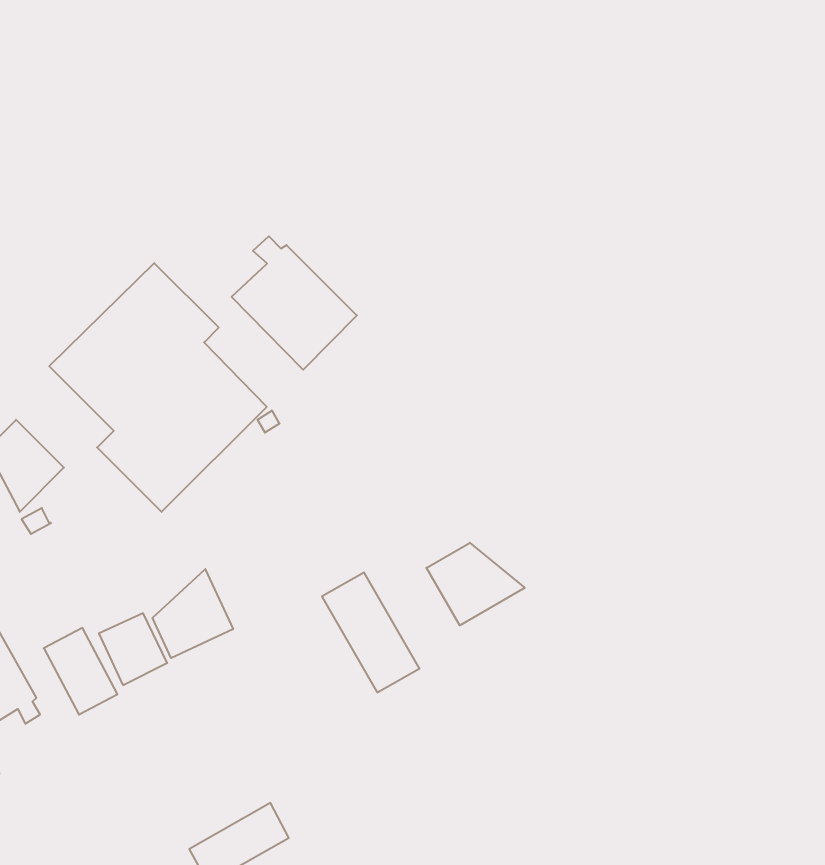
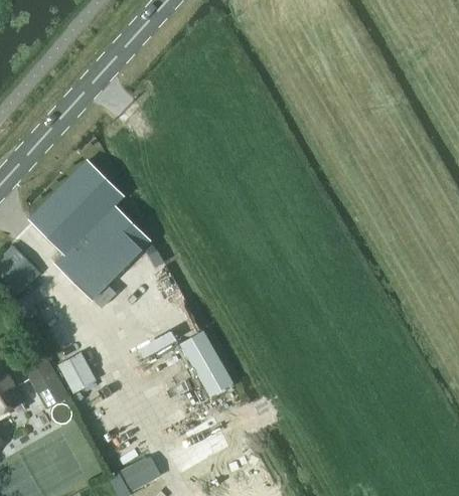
building: [232,236,357,370] -> none
building: [426,543,525,625] -> none
building: [152,569,233,658] -> none

